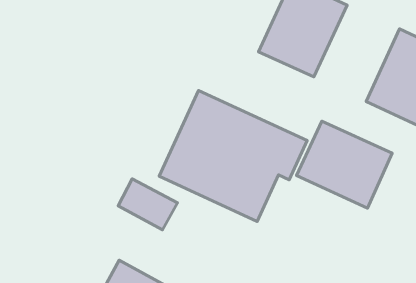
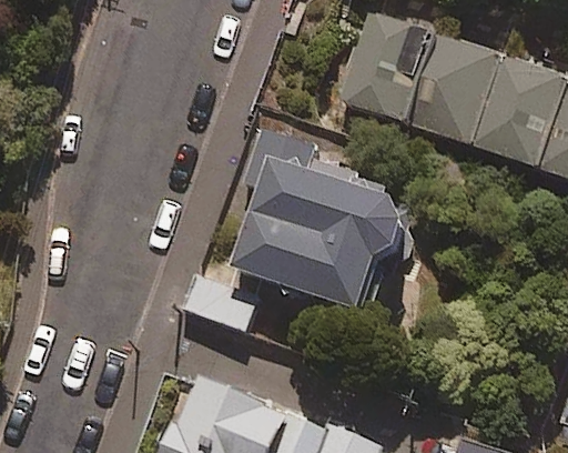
building: none -> [407,34,505,149]
building: [297,121,392,208] -> none

